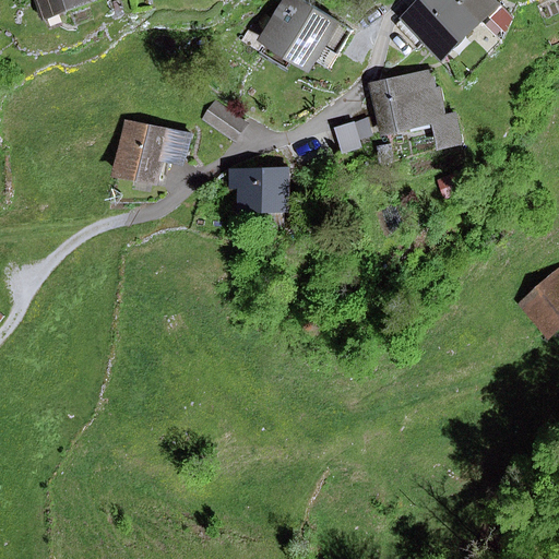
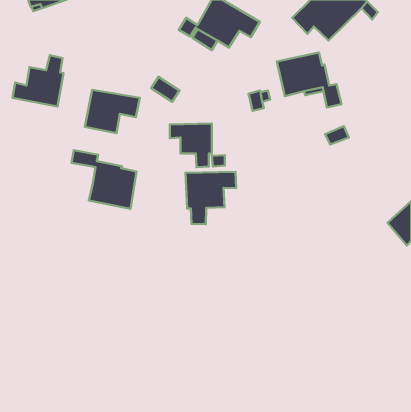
building: none -> [13,55,64,107]
building: none -> [72,150,137,209]
building: none -> [186,172,236,224]

